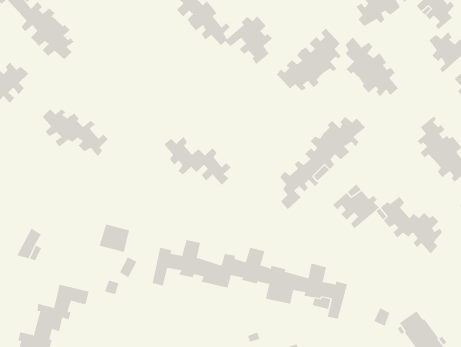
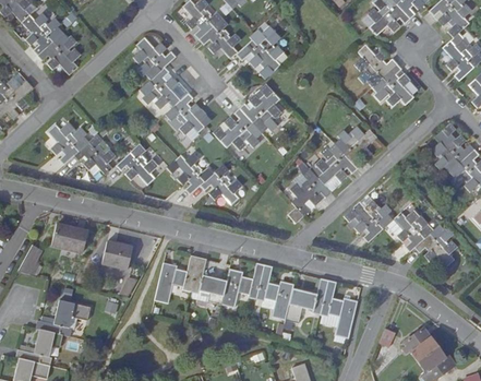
building: none -> [131,35,204,133]
building: [276,28,342,91] -> [213,82,280,147]
building: none -> [116,143,155,182]
building: none -> [51,222,88,251]

